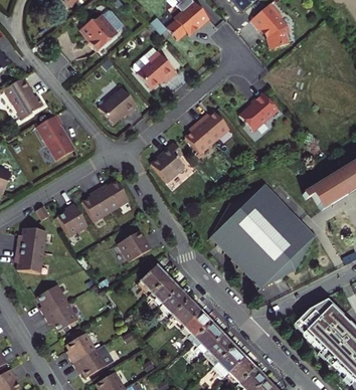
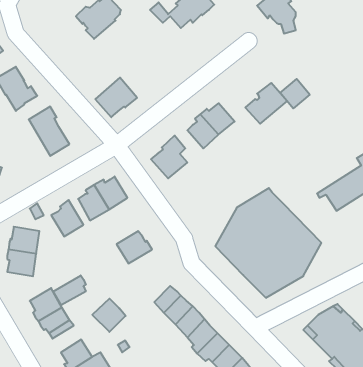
building: [134,45,179,89] -> none
building: none -> [280,79,310,108]
building: [138,265,169,297] -> [92,299,126,332]
building: none -> [53,275,86,305]

